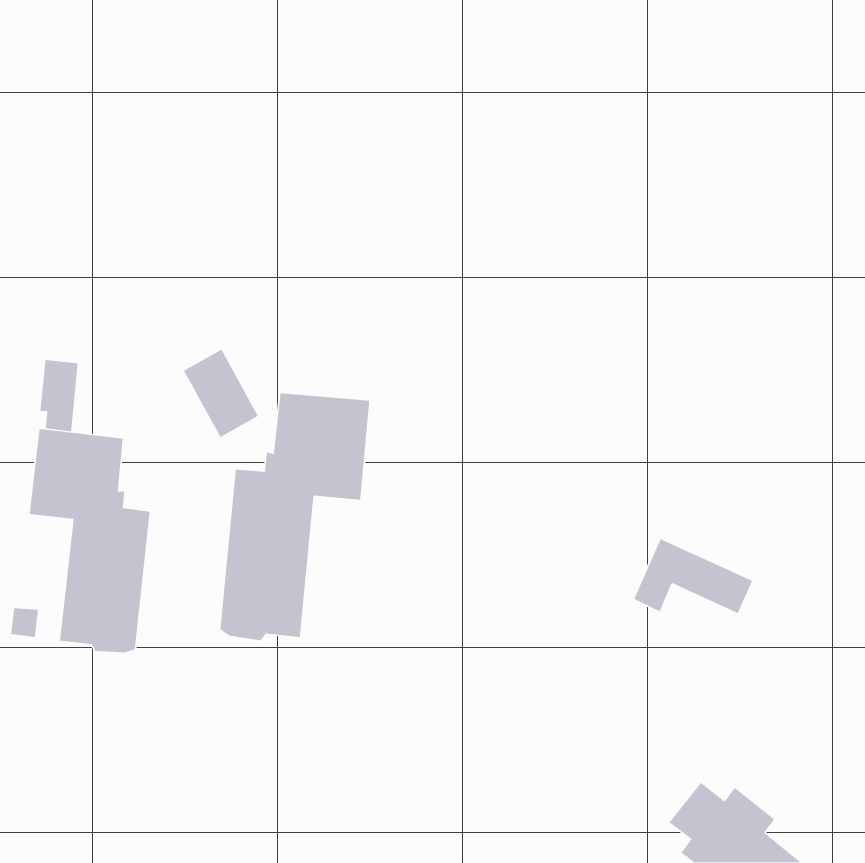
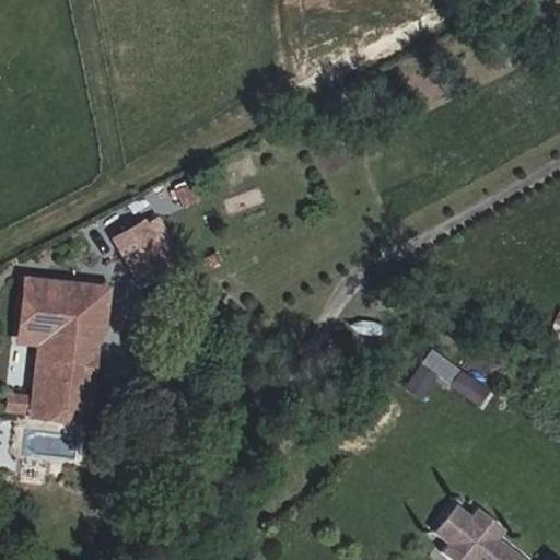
building: [40,359,79,432] -> [77,283,102,330]
building: [219,392,370,641] -> none

